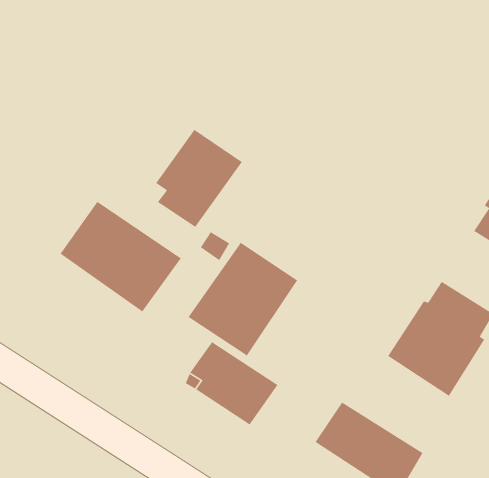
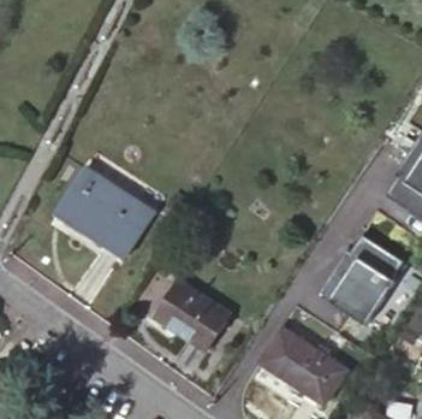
building: [155,129,243,228] -> none
building: [187,242,298,356] -> none

